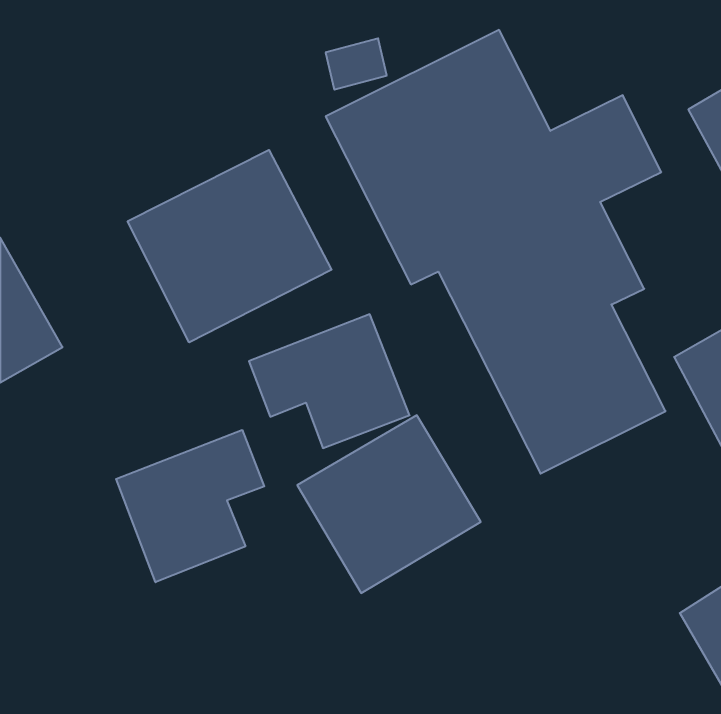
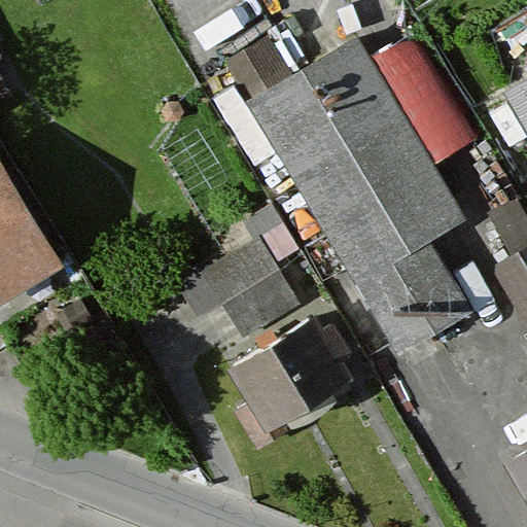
building: [128,150,332,342] -> none
building: [116,430,264,582] -> none

